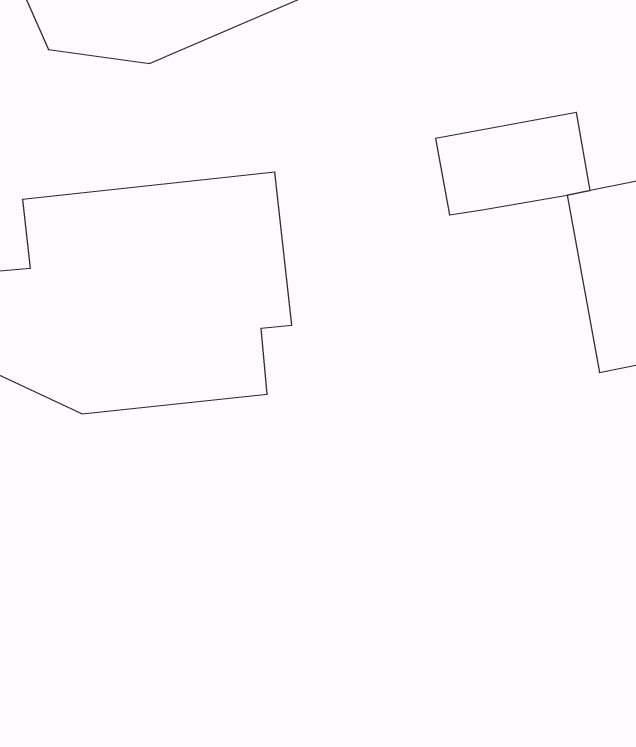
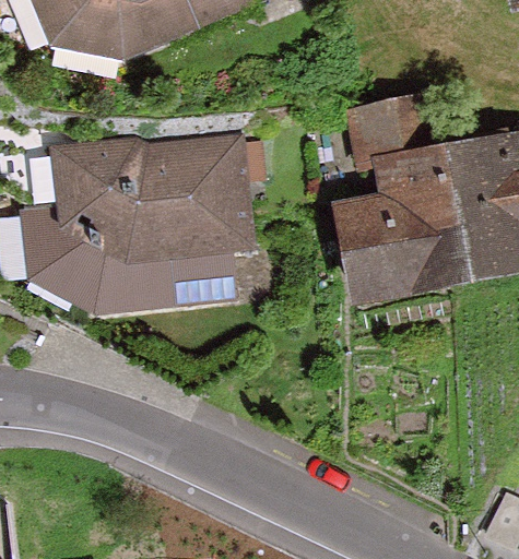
building: none -> [333,151,463,297]

